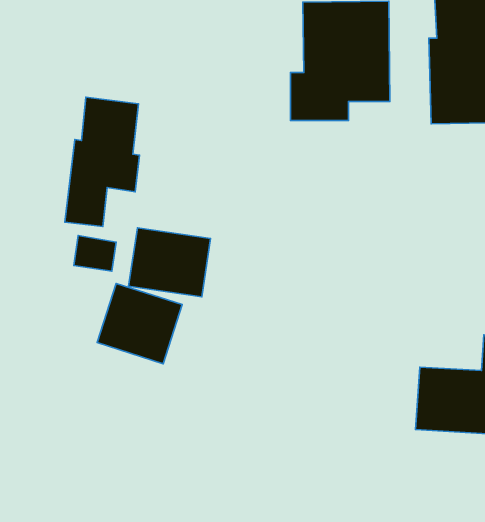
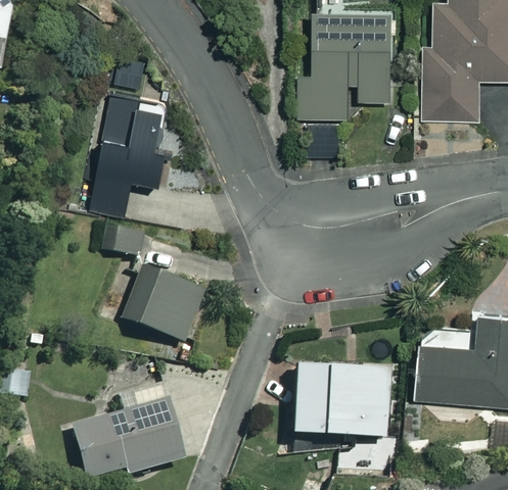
building: [129,228,211,297] -> none
building: none -> [289,363,386,436]
building: none -> [71,382,182,478]

